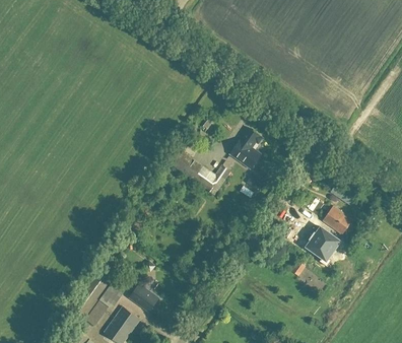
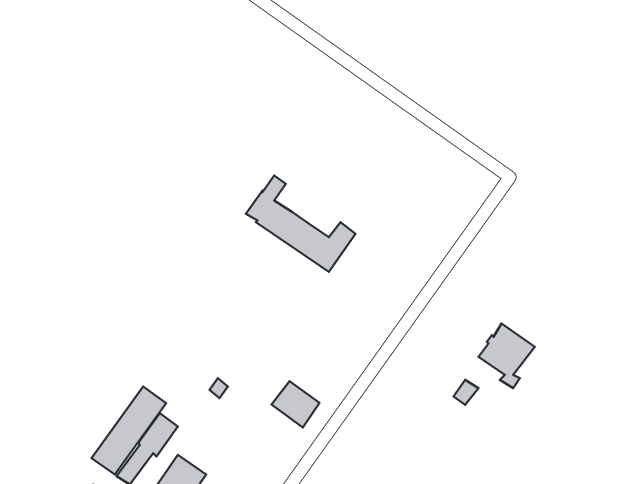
building: [229,129,261,169] -> none
building: [321,206,355,236] -> none
building: [128,285,157,314] -> [271,381,320,428]

